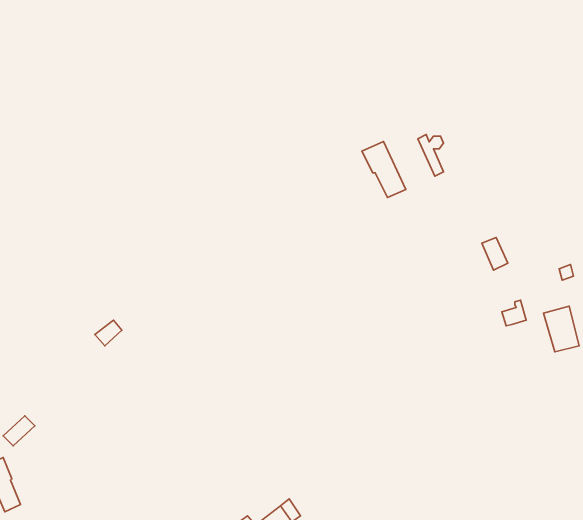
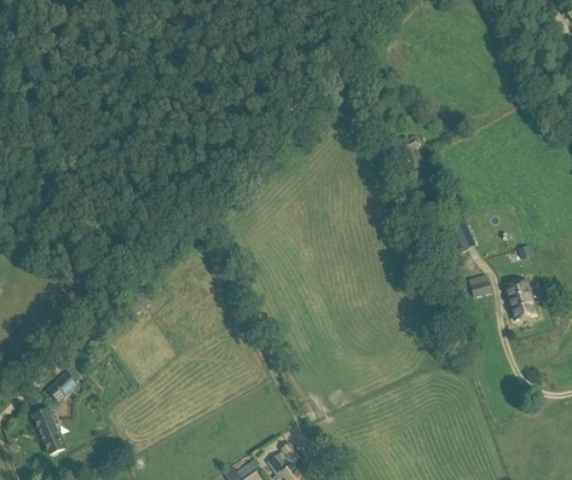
building: [362,142,406,198] -> none

